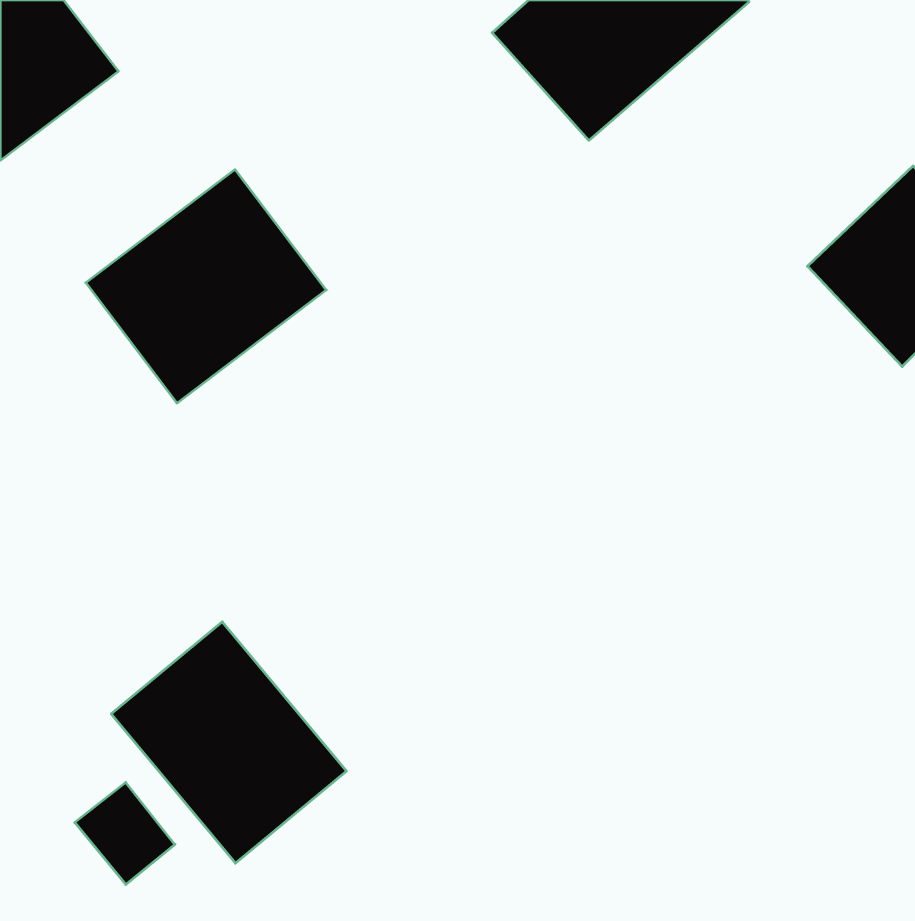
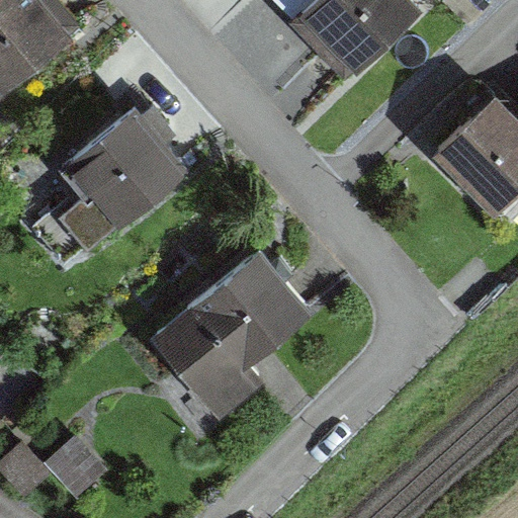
building: none -> [147,251,308,423]
building: [111,622,346,863] -> none

